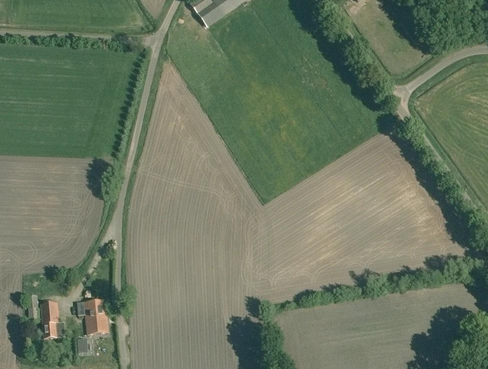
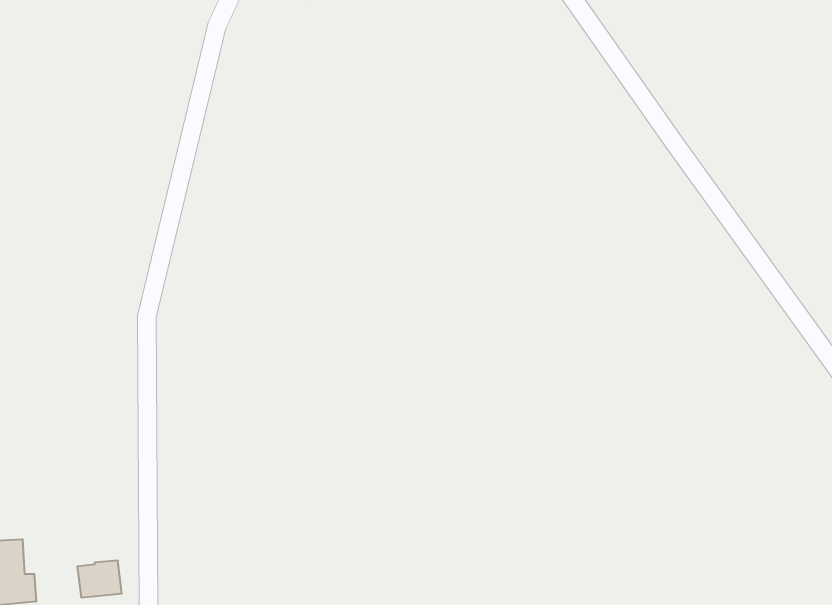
building: [76,299,106,317] -> none

